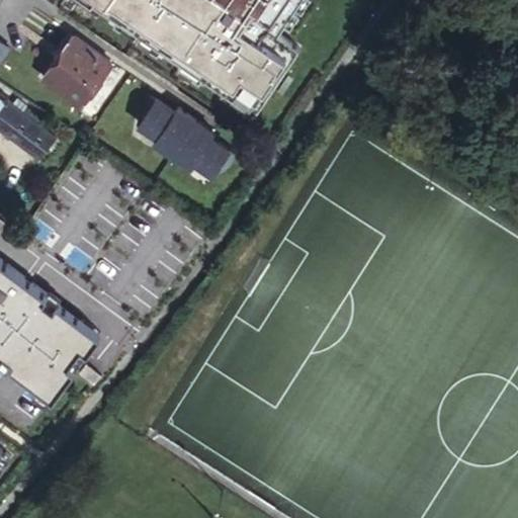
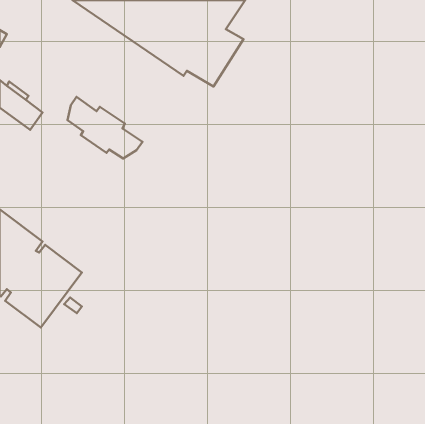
building: [47,35,112,102] -> none
building: [136,97,227,172] -> [67,97,142,159]

